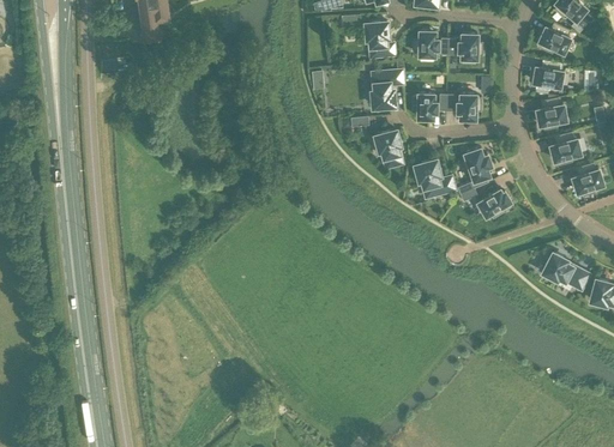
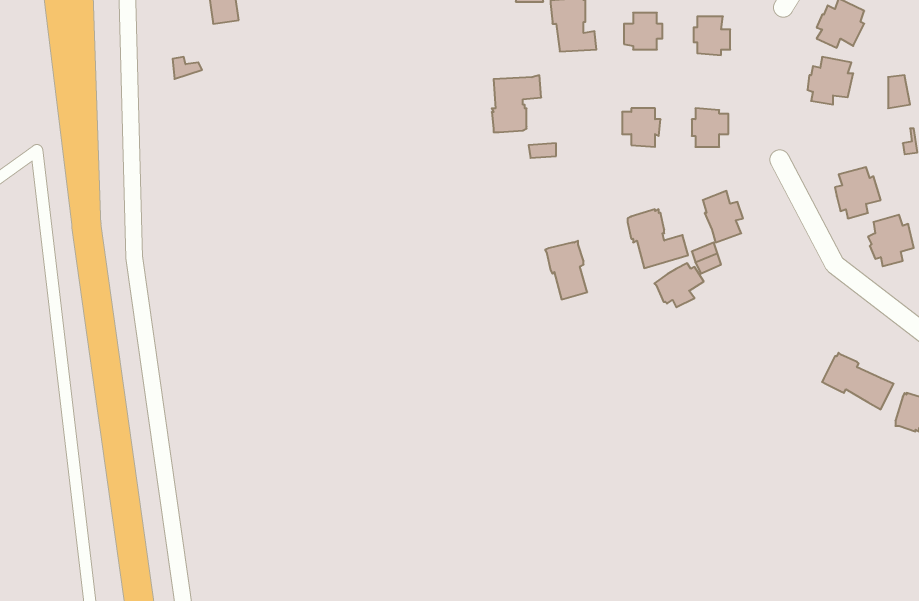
building: [369,71,402,108] -> [492,75,541,132]
building: [535,98,565,131] -> none
building: [373,131,401,169] -> [545,241,587,299]
building: [476,191,508,219] -> [654,263,704,307]

